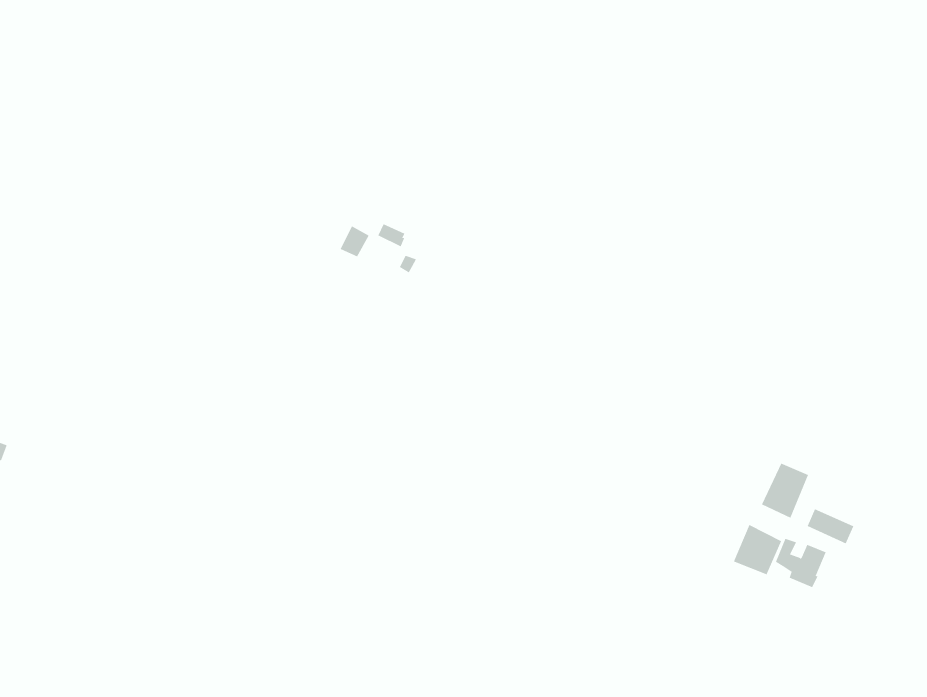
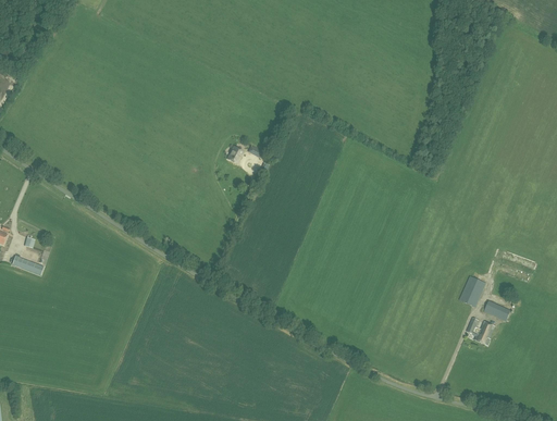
building: [733,524,782,575] -> none

